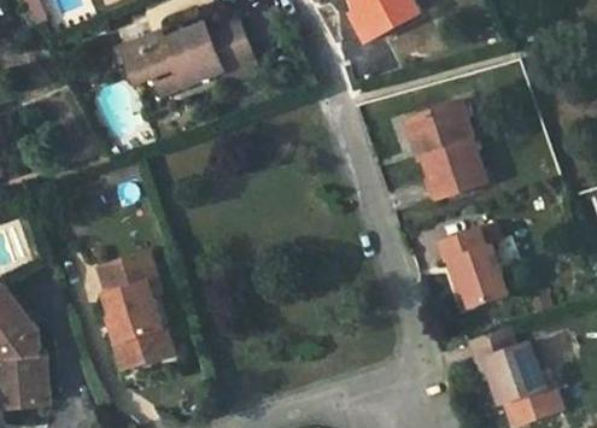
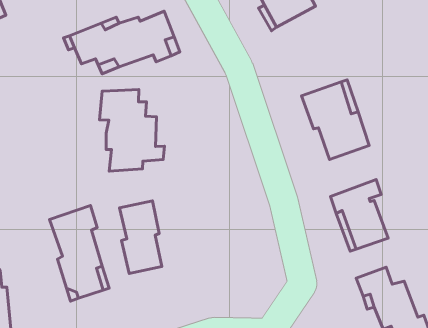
building: none -> [99,90,165,171]
building: none -> [120,201,162,274]

